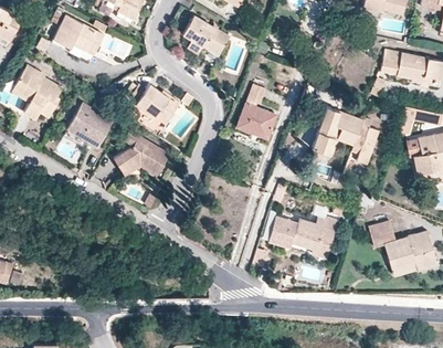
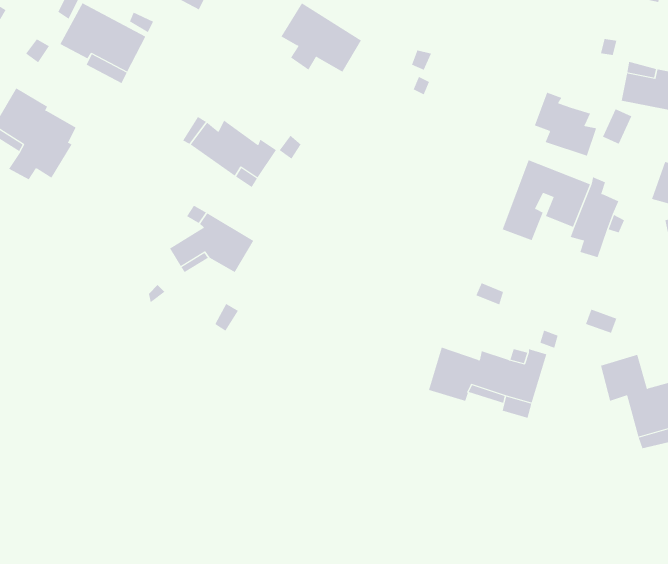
building: none -> [534,92,597,157]
building: [238,84,275,134] -> none
building: [66,103,113,146] -> none

